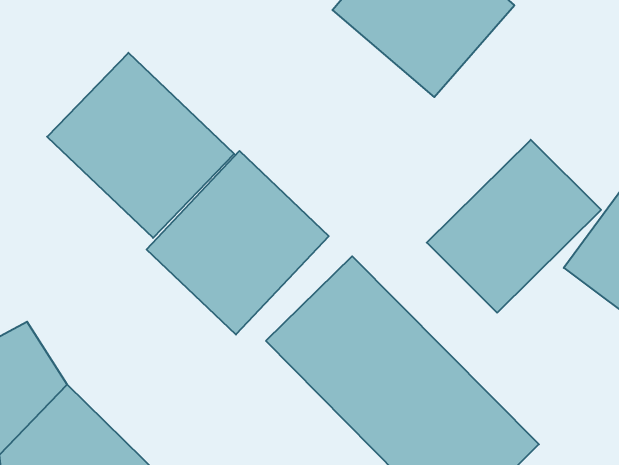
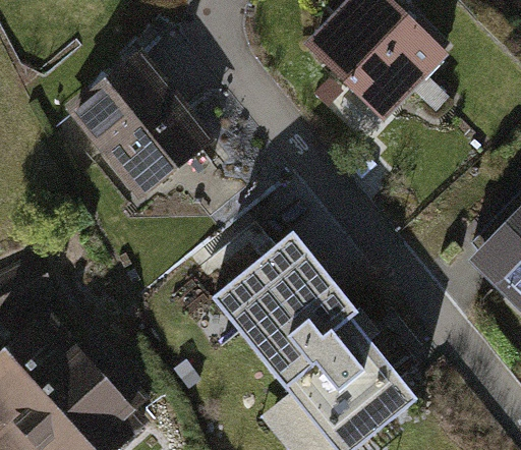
building: [427,140,601,313] -> none
building: [147,151,329,335] -> none

